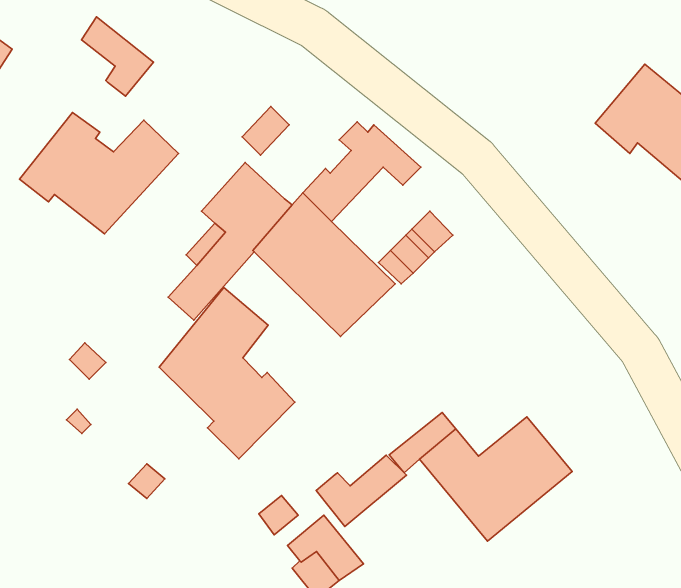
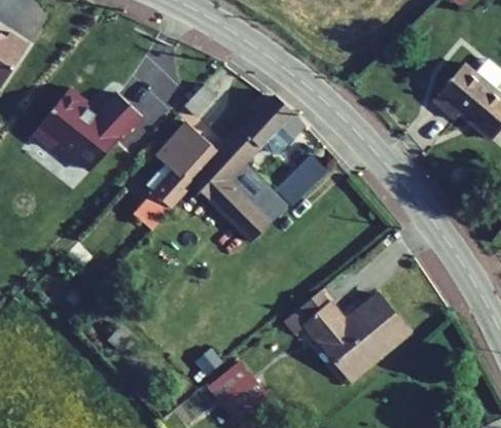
building: [82,17,153,96] -> none
building: [159,288,295,459] -> none
building: [316,455,407,527] -> none

